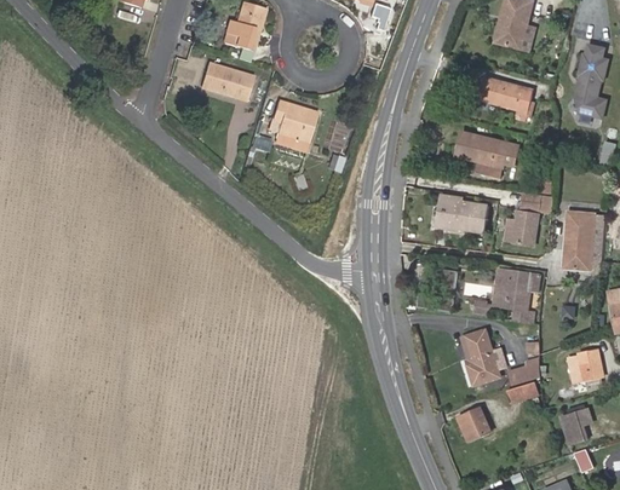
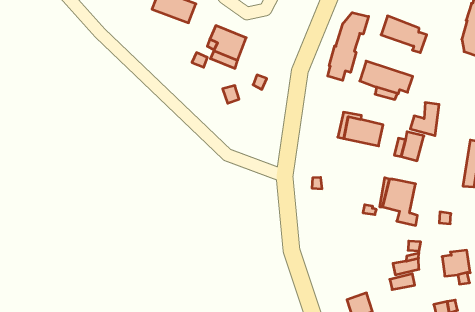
building: none -> [328,13,369,80]
building: [562,213,592,272] -> none
building: [464,330,499,385] -> none

